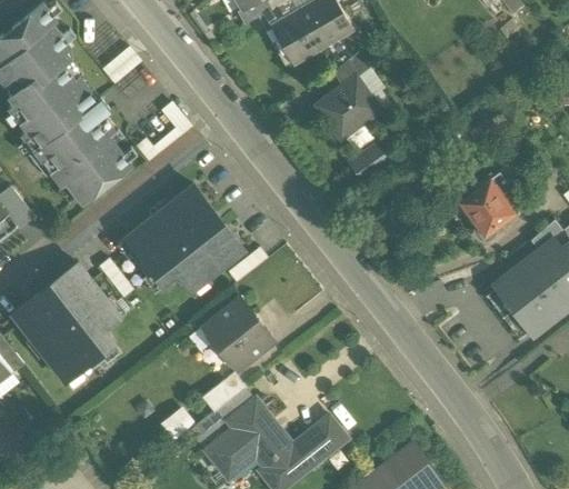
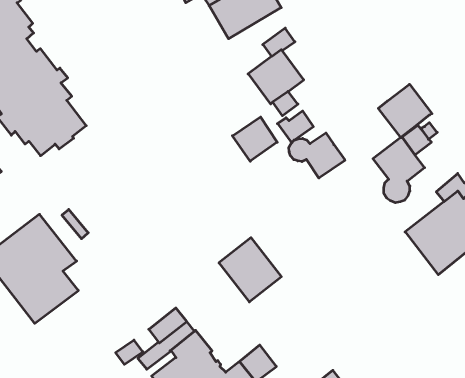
building: none -> [378,84,432,138]
building: none -> [232,117,277,161]
building: none -> [289,133,345,178]
building: [116,184,243,296] -> none
building: [203,297,274,370] -> [219,238,281,302]

